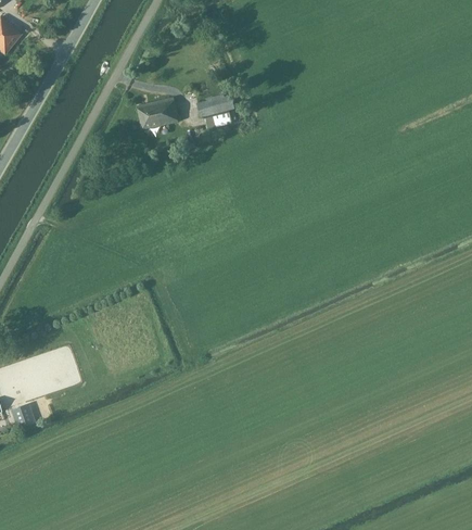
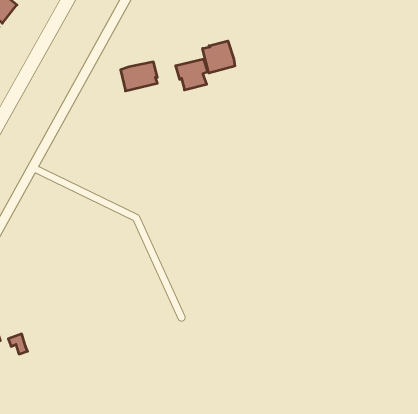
building: none -> [203,41,235,73]

